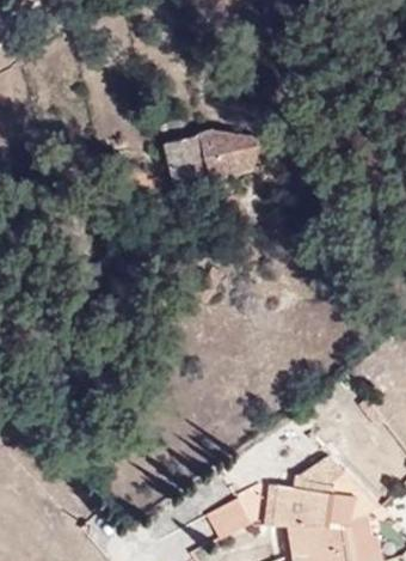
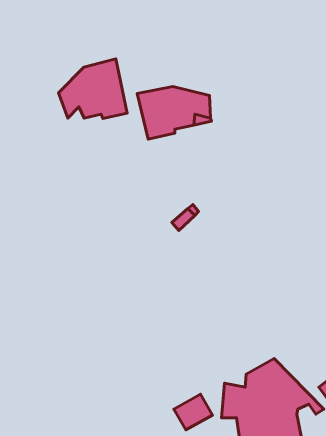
building: none -> [58,59,127,119]

